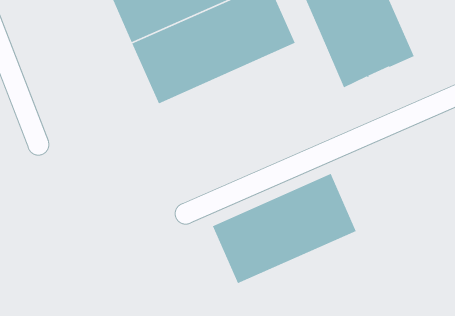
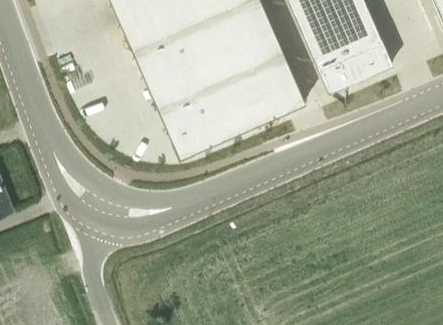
building: none -> [157,54,306,159]
building: [212,173,357,284] -> none

